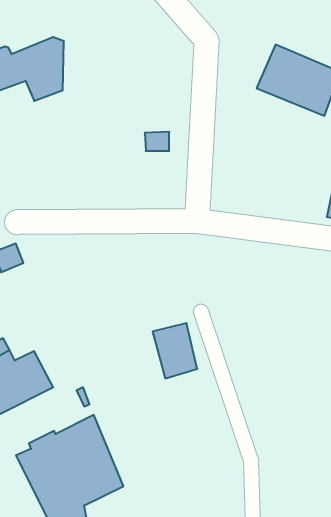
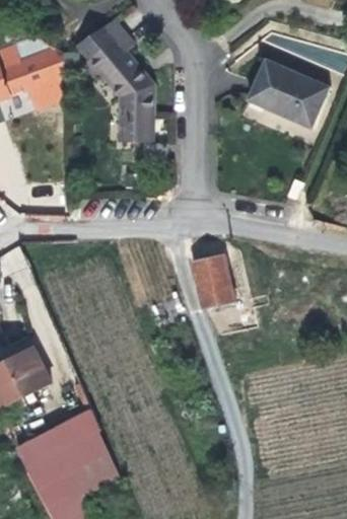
building: none -> [77,21,150,139]
building: [153,323,197,378] -> [193,255,235,308]

